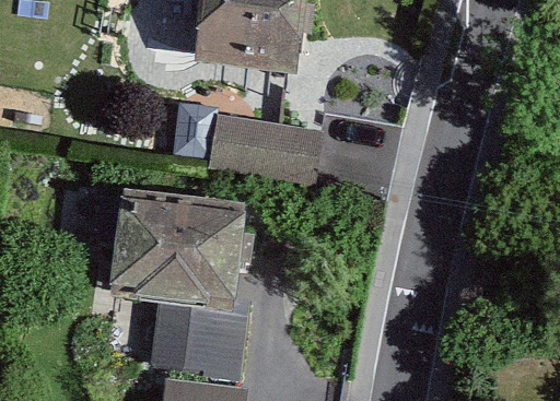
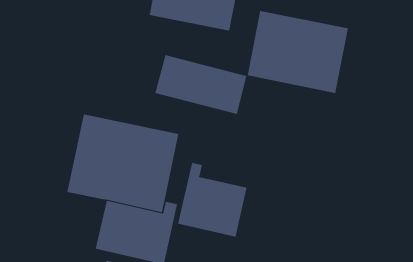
building: none -> [247,10,348,94]
building: none -> [177,162,247,237]

